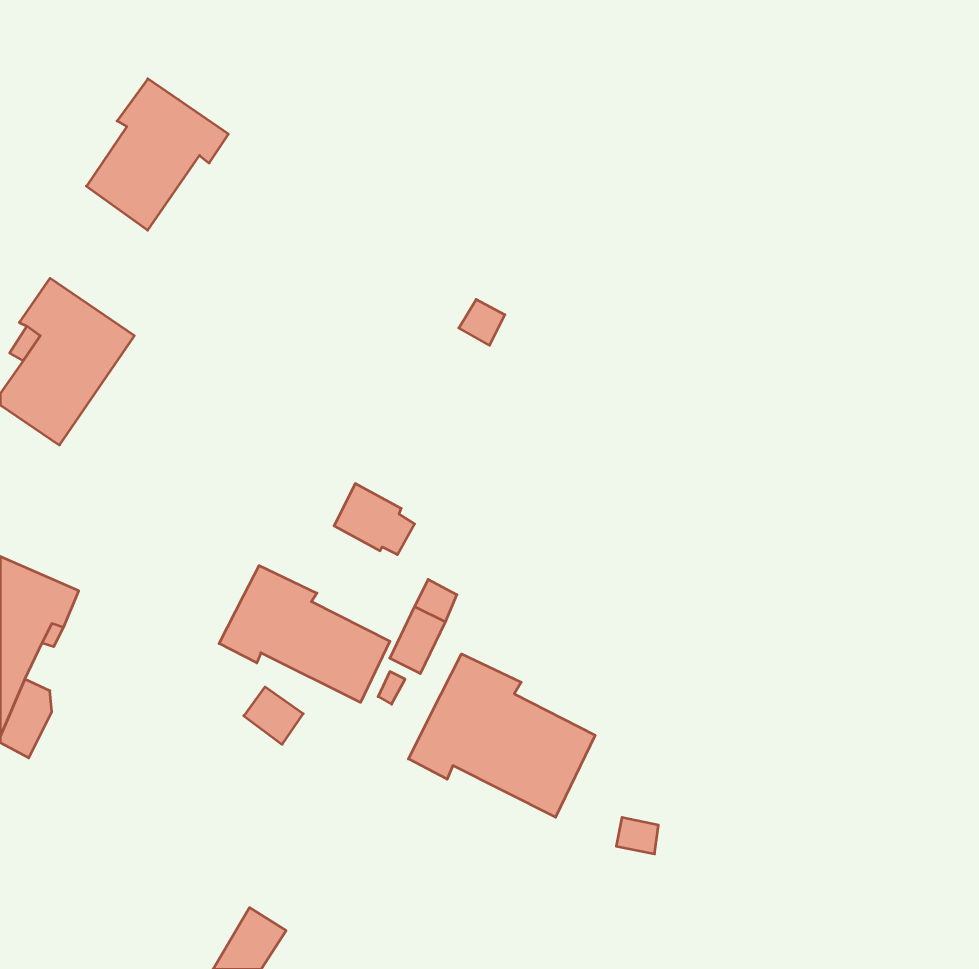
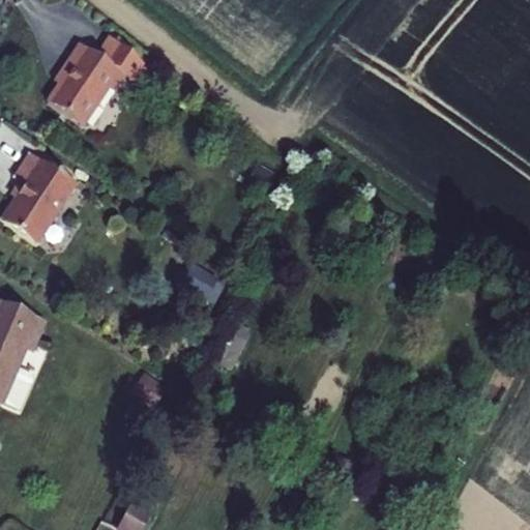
building: none -> [97,36,144,78]
building: [219,566,390,702] -> none
building: [408,654,595,817] -> none

